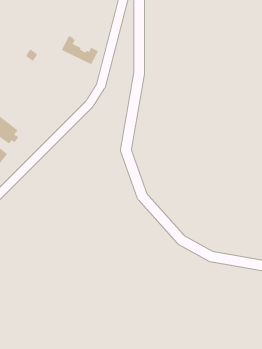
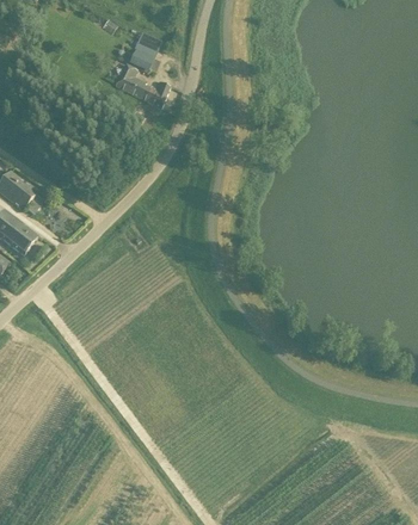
building: none -> [127,31,161,72]

